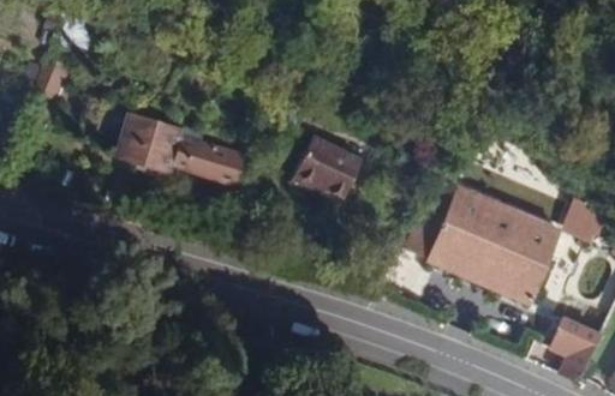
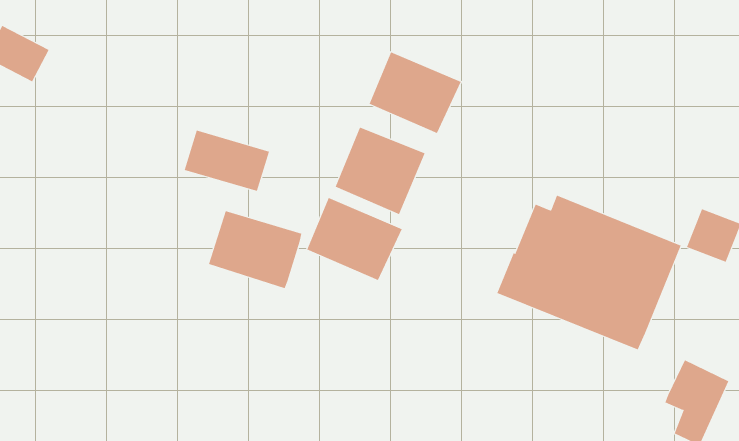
building: none -> [369,52,462,134]
building: [113,113,186,174] -> [208,210,302,289]
building: none -> [307,197,403,281]

